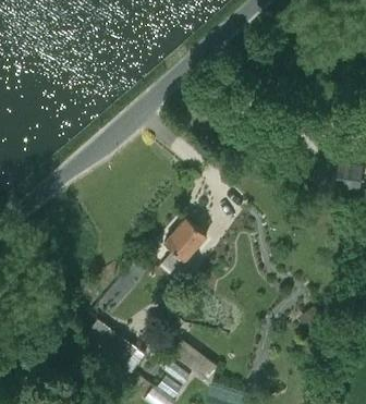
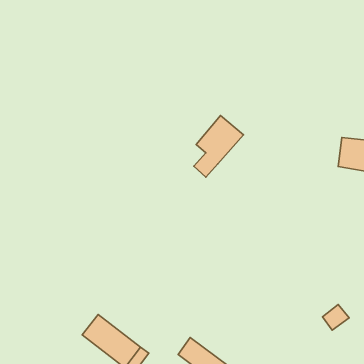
building: [161,219,206,274] -> [194,115,243,177]

